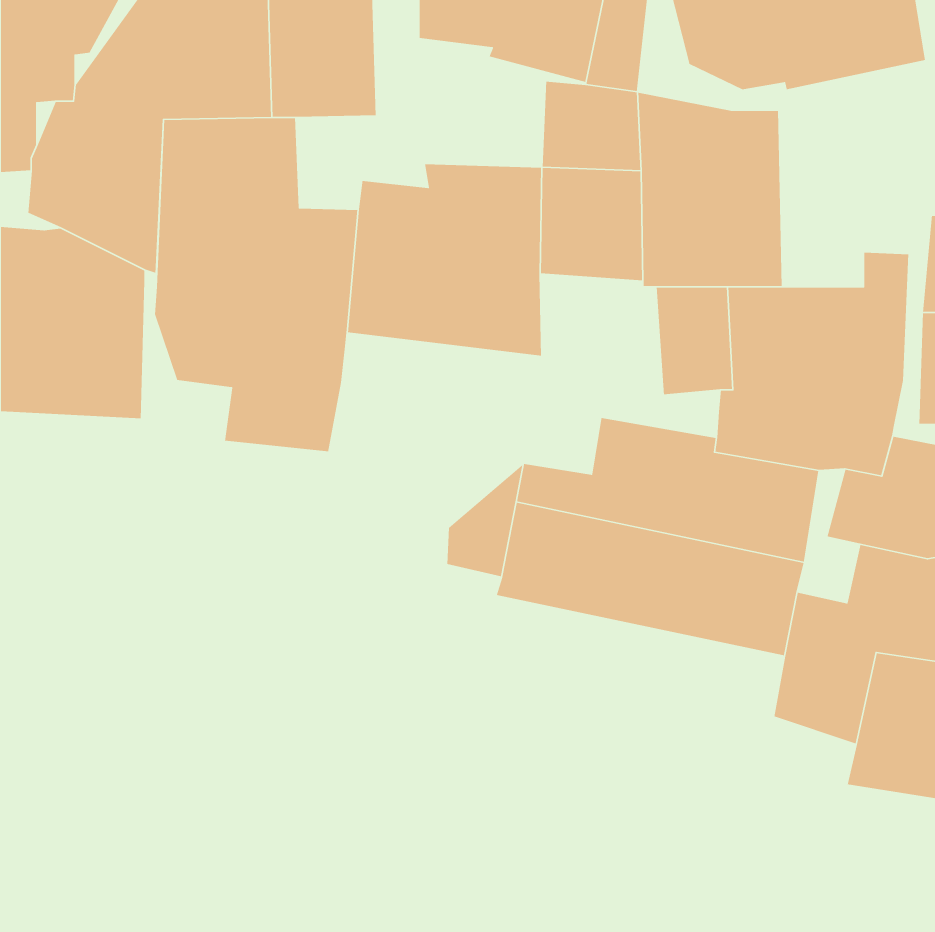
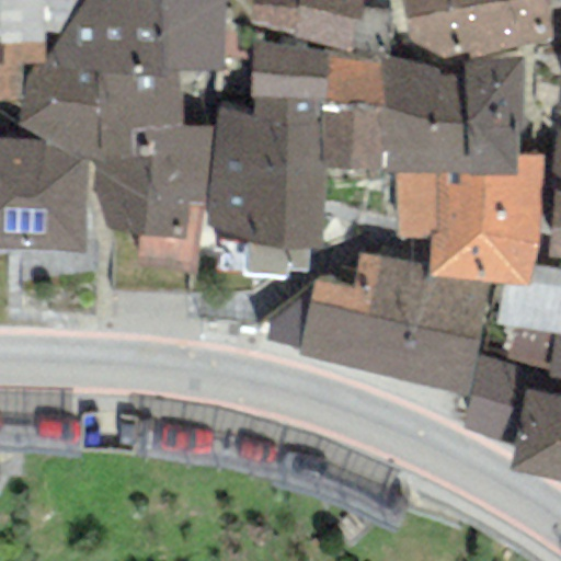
building: none -> [249,38,328,100]
building: none -> [467,57,524,171]
building: none -> [206,198,325,277]

